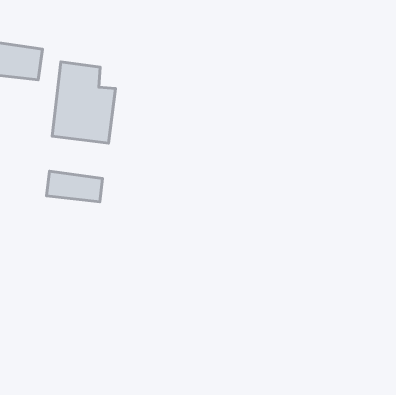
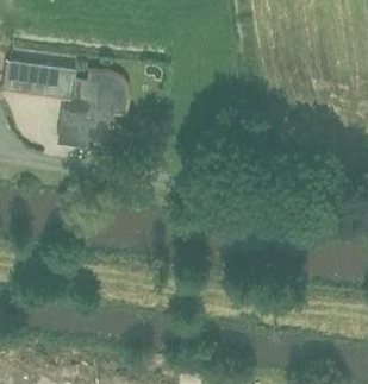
building: [46,171,102,202] -> none

